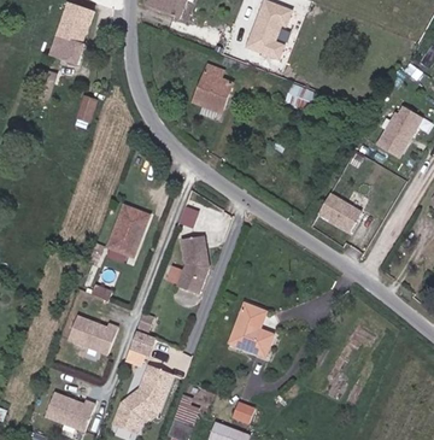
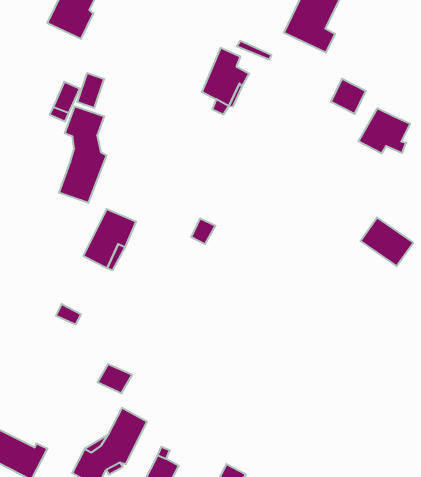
building: none -> [358,108,410,153]
building: none -> [59,106,107,203]
building: [175,236,207,295] -> none
building: [228,306,271,359] -> none
building: [63,316,112,354] -> none

